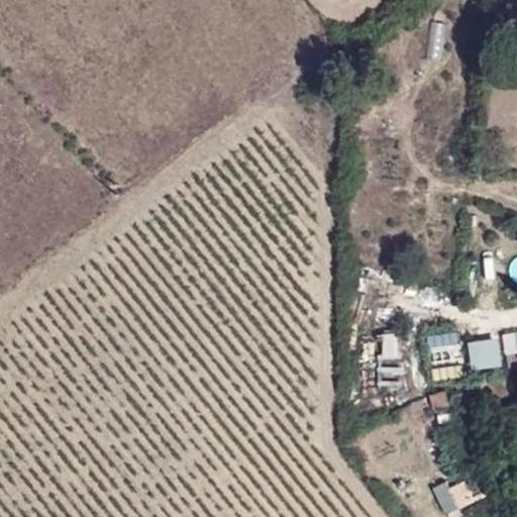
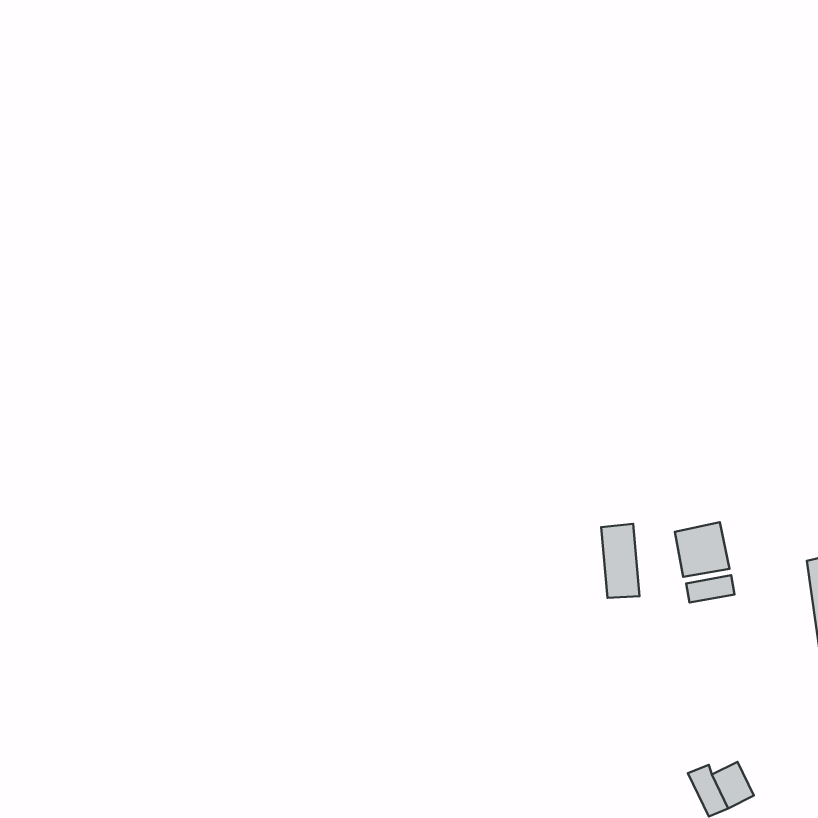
building: [469,337,504,371] -> none

